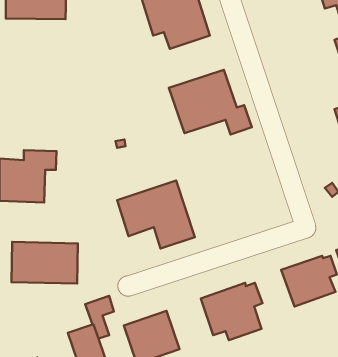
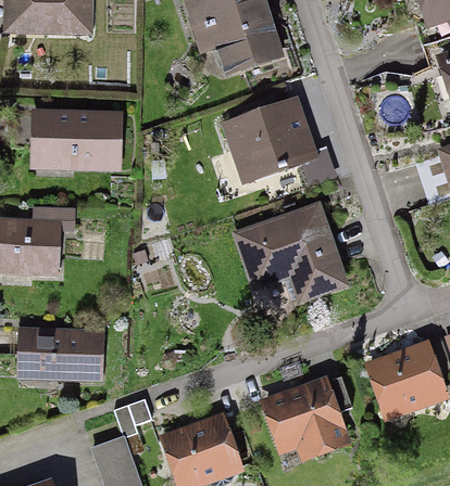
building: none -> [29,108,122,171]
building: [117,181,195,248] -> [238,209,341,299]

